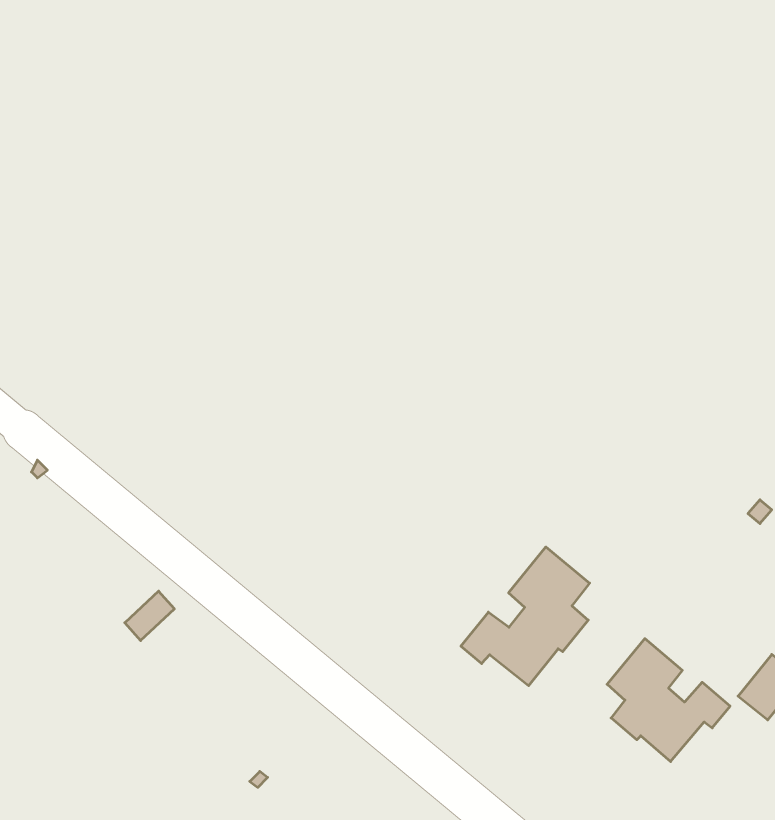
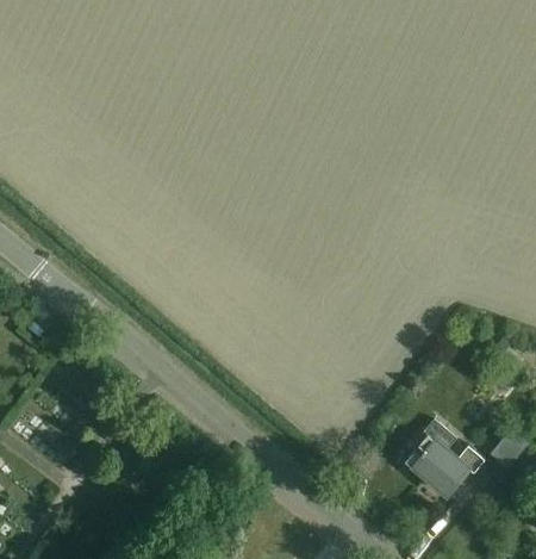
building: [461,547,590,686] -> none

